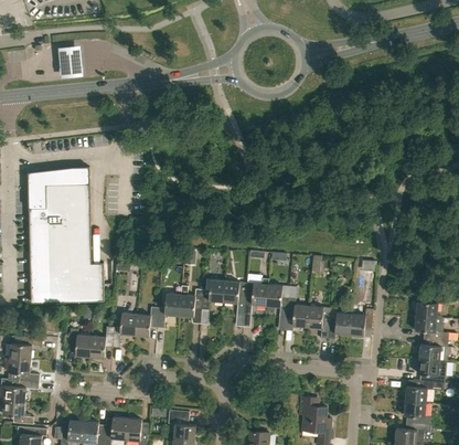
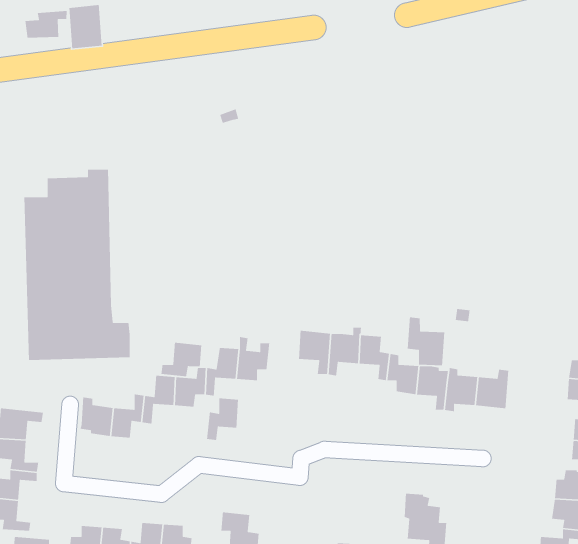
building: none -> [25,10,68,38]
building: none -> [407,316,445,366]
building: [201,279,224,310] -> [206,398,239,441]
building: none -> [160,342,202,377]

